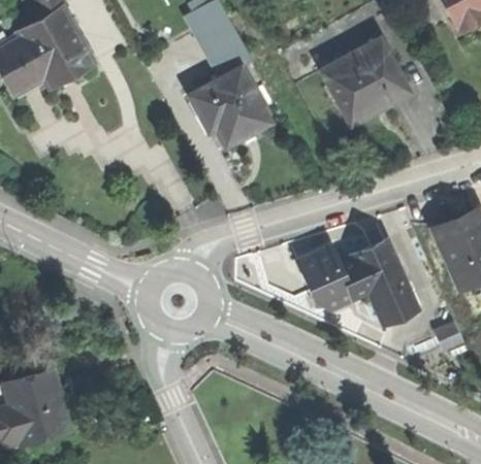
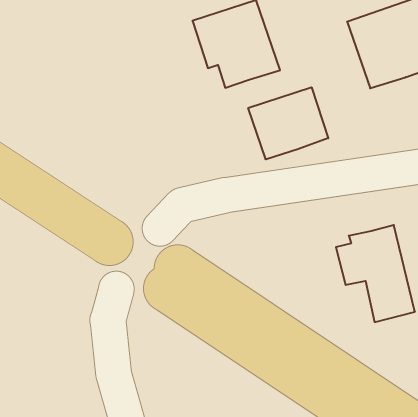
building: none -> [248,87,328,159]
building: [298,245,357,309] -> none

